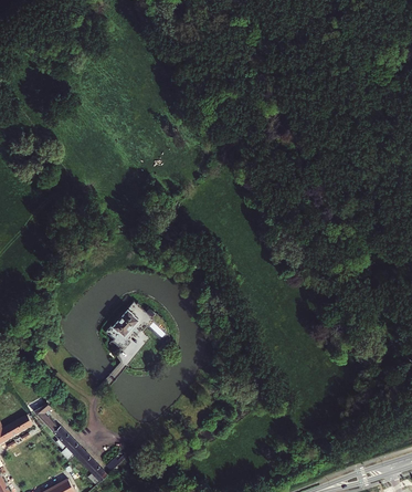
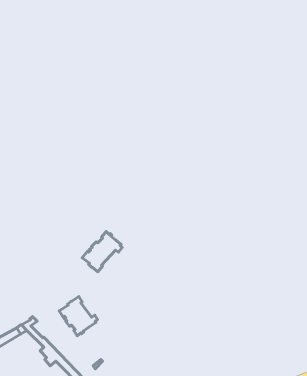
building: none -> [59,296,97,336]

